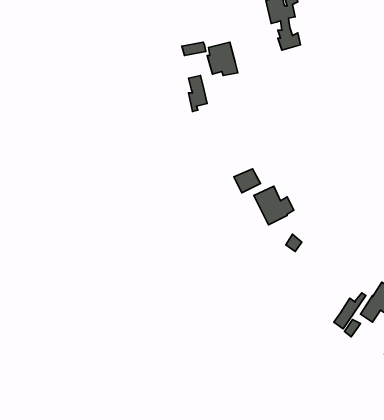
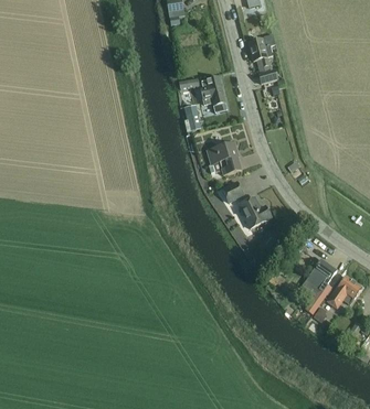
building: none -> [207,142,242,175]
building: none -> [306,259,337,291]

